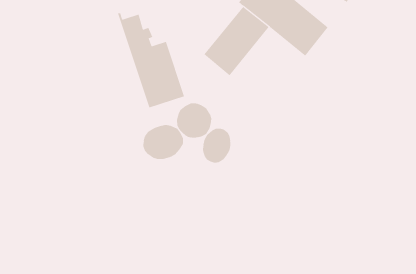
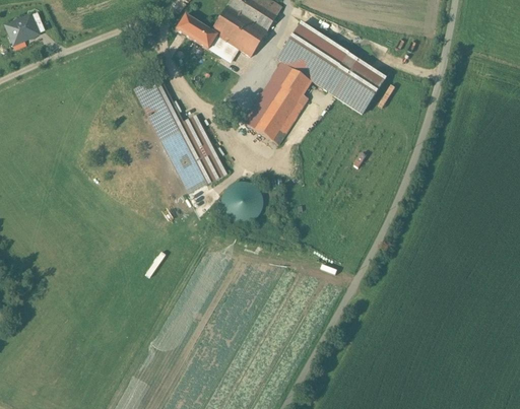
building: [143,124,184,160] -> none
building: [203,128,231,163] -> none

